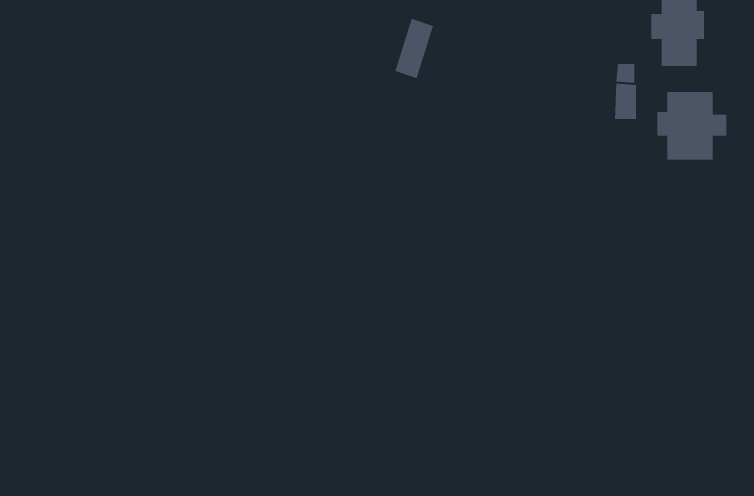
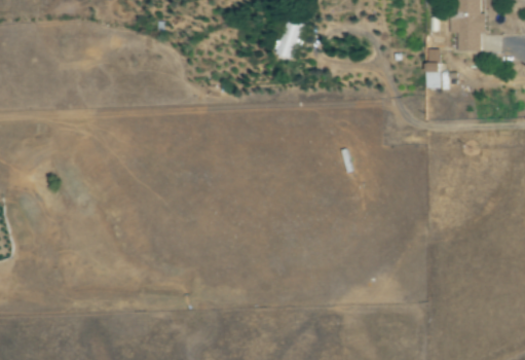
building: [657,91,727,161] -> none

